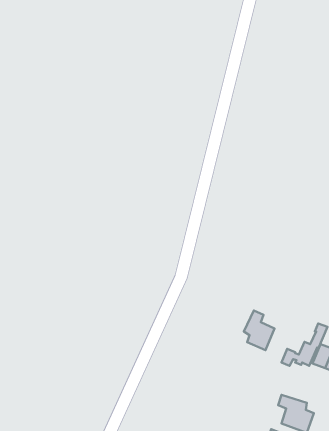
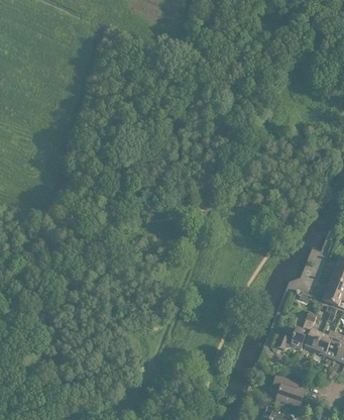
building: [244,311,275,350] -> none

